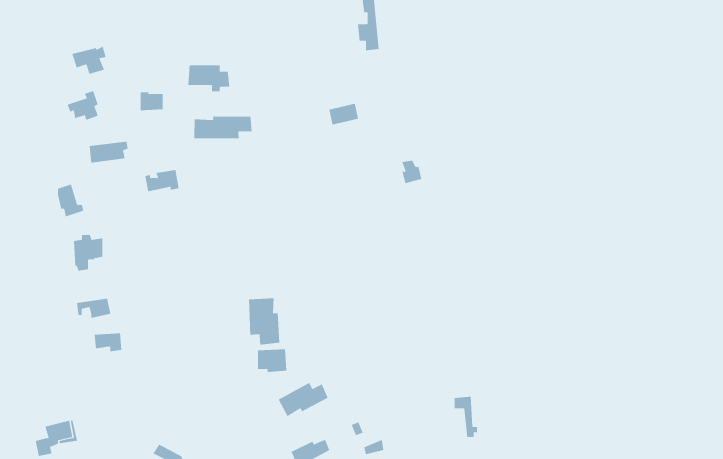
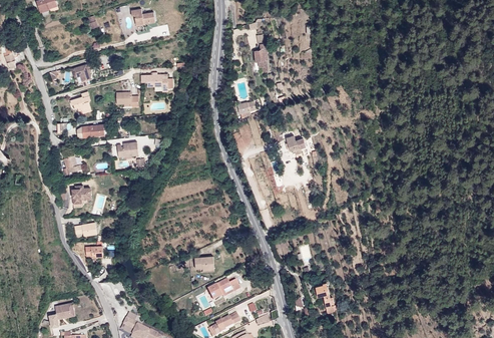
building: [194,116,252,139] -> none
building: [249,298,280,345] -> none

